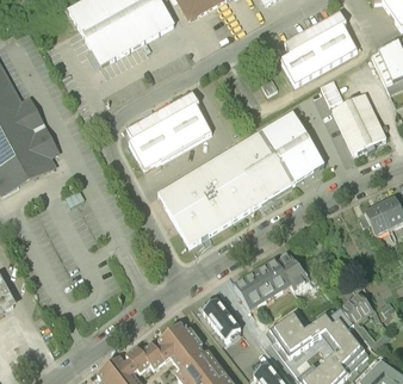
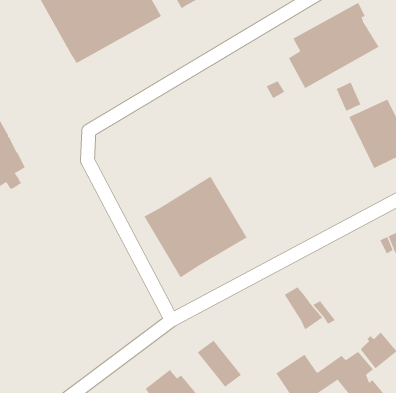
building: [126,92,212,169] -> none
building: [215,112,324,211] -> none
building: [235,259,291,308] -> none

